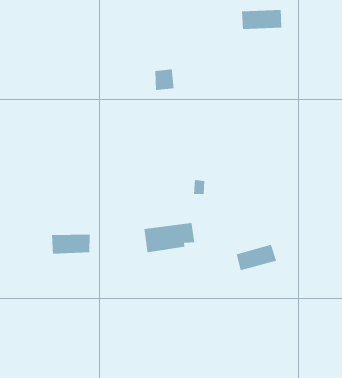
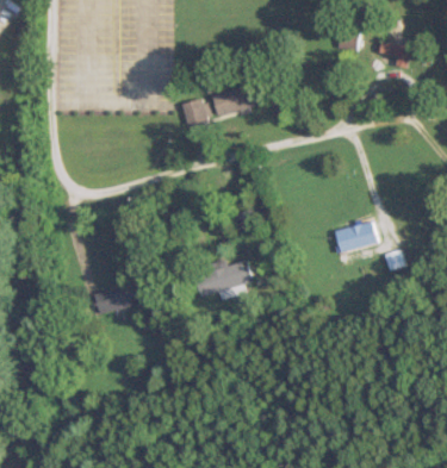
building: [241,9,282,30] -> [213,88,260,116]
building: [236,244,277,271] -> [333,219,378,252]

